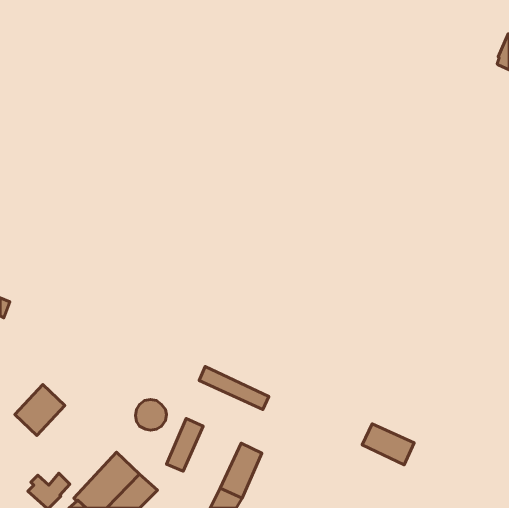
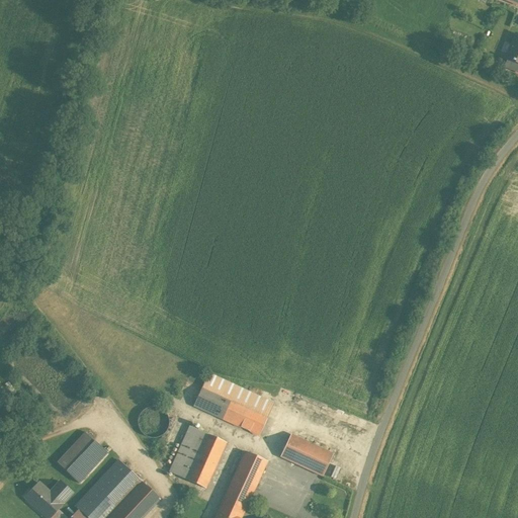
building: none -> [193,386,267,434]
building: [15,385,65,435] -> [57,431,107,483]
building: [362,424,414,465] -> [279,434,332,476]
building: none -> [186,433,225,487]

